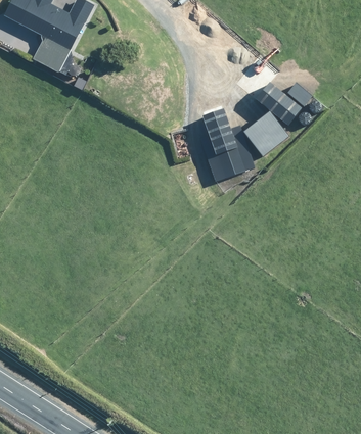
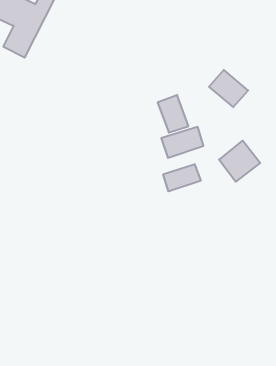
building: [243,110,288,155] -> [219,141,260,182]
building: none -> [163,164,201,191]

